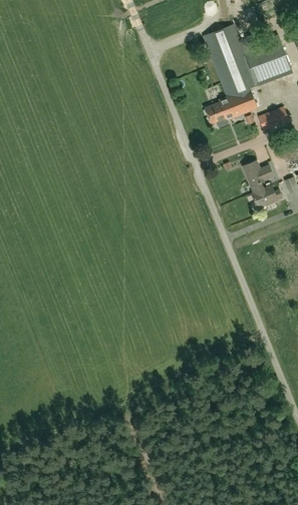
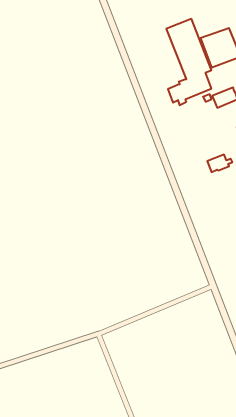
building: [242,160,273,194] -> none

